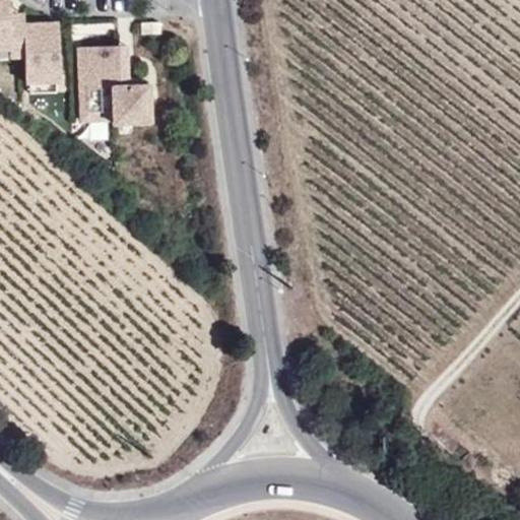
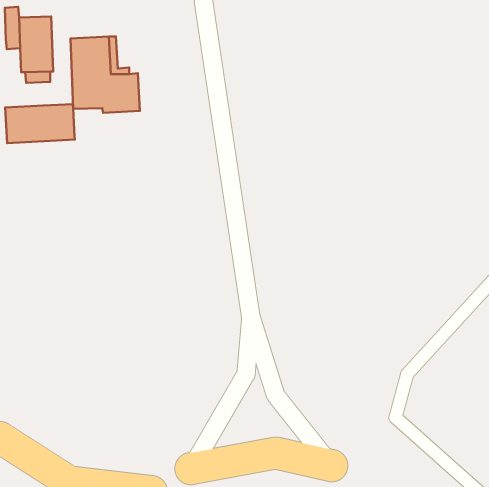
building: none -> [5,104,75,143]

